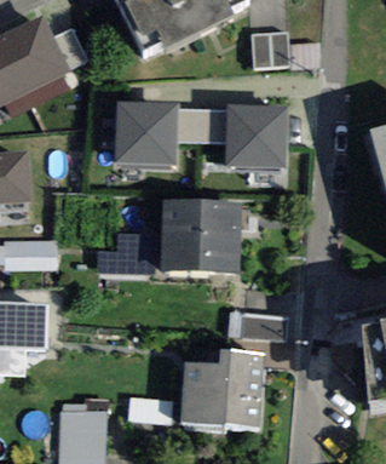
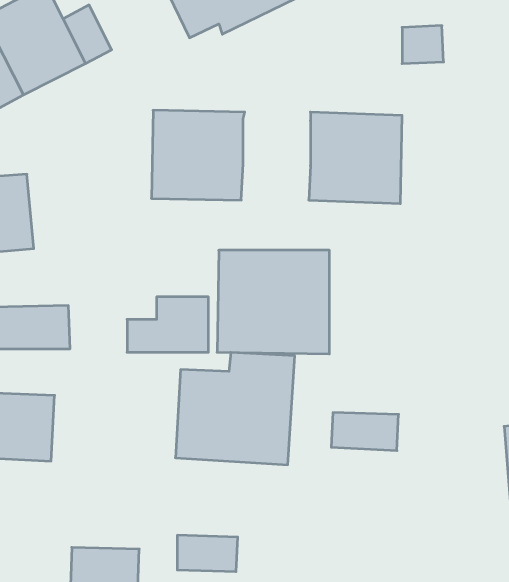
building: [250,33,288,69] -> none
building: [179,109,226,142] -> none
building: [182,350,265,429] -> [175,352,295,465]

